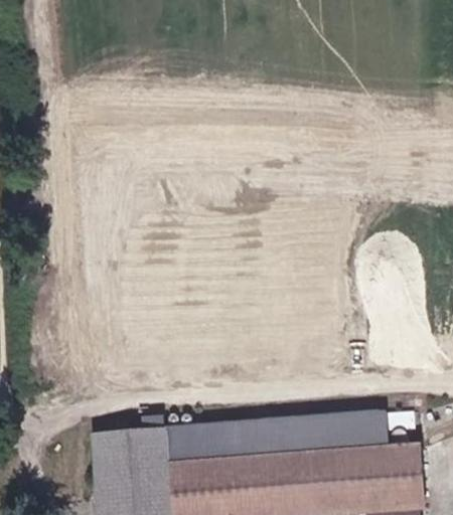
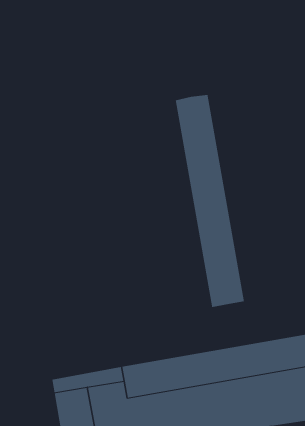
building: none -> [175,94,244,308]

